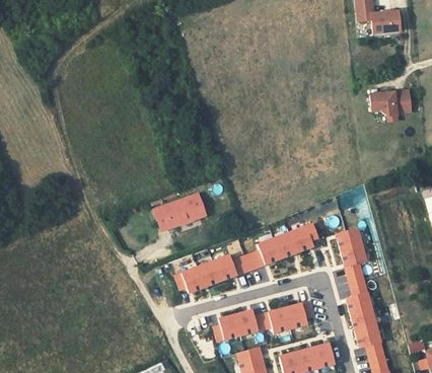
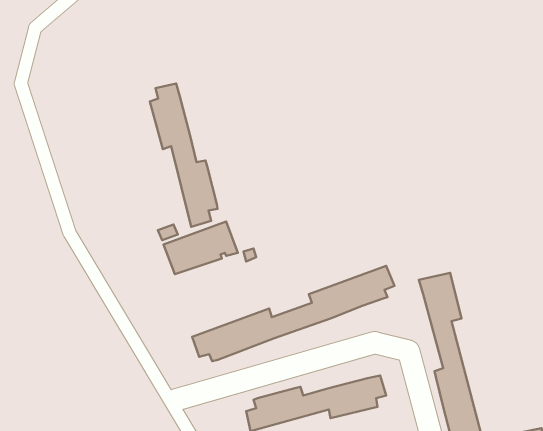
building: [370,89,411,120] -> none
building: none -> [150,84,218,227]

